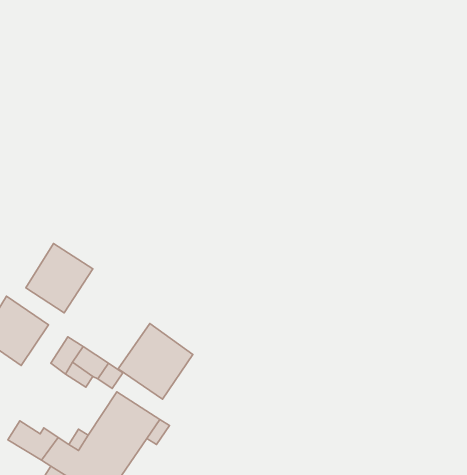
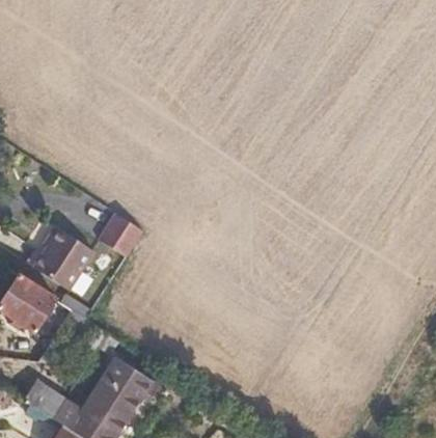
building: none -> [97,220,140,264]
building: [118,323,193,399] -> none

